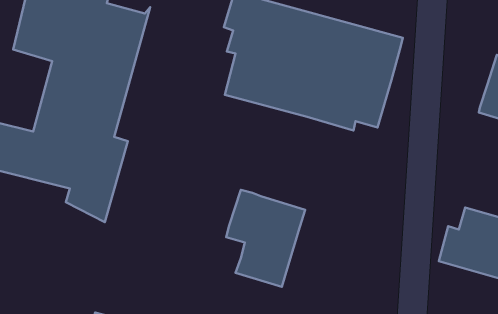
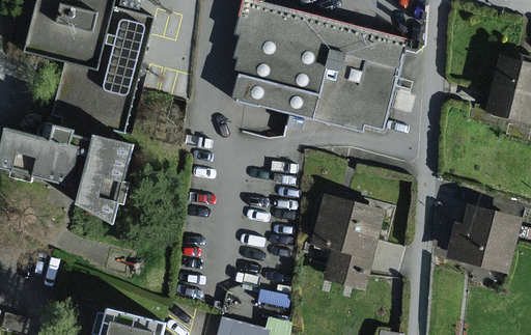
building: [226,190,305,287] -> [308,197,386,292]

